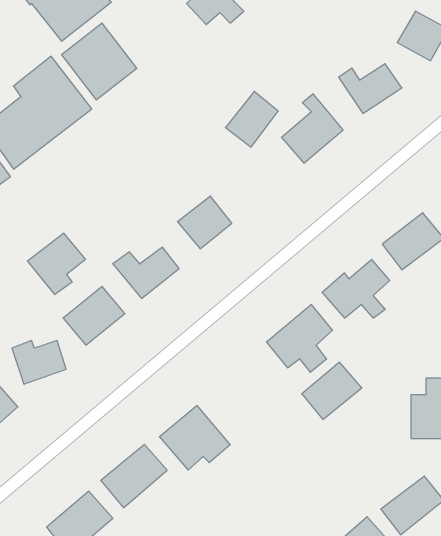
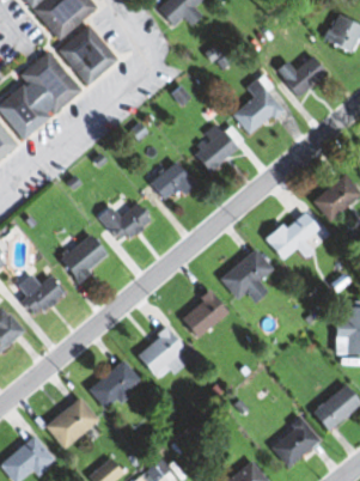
building: [225,91,278,147] -> [194,128,236,172]
building: [28,233,85,295] -> none
building: [302,362,362,419] -> [181,291,228,336]

